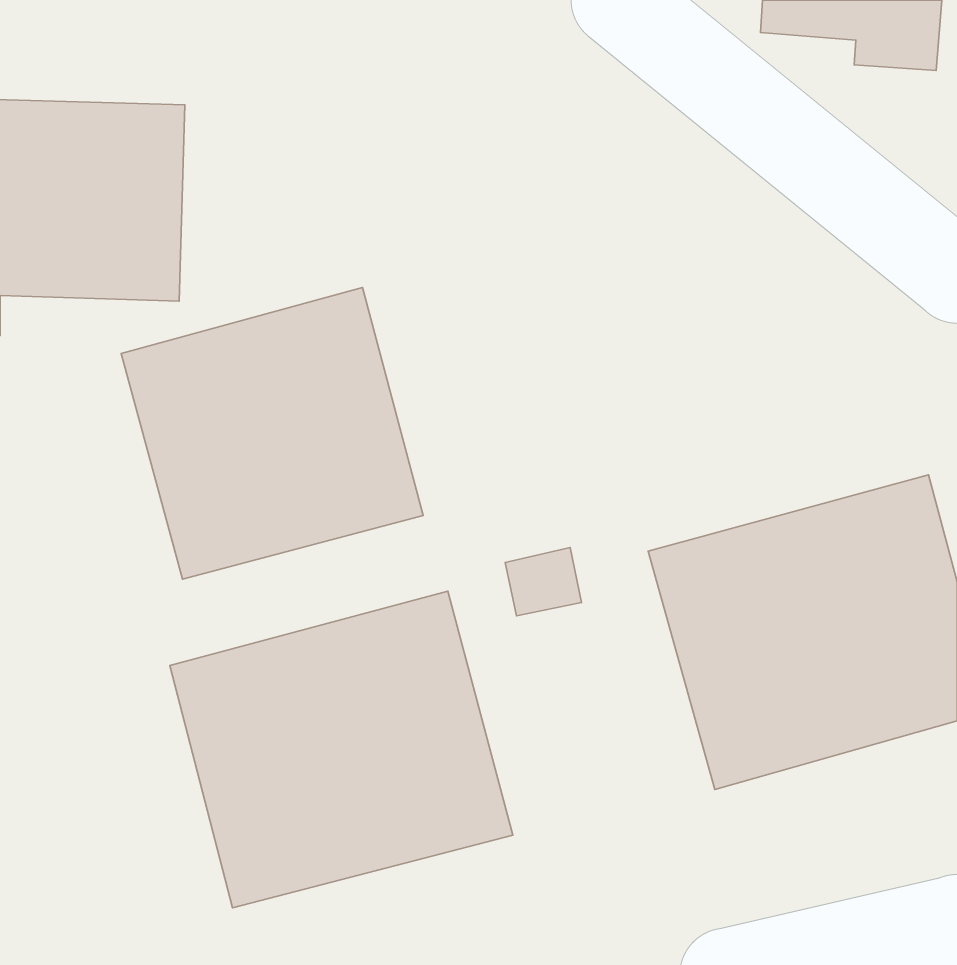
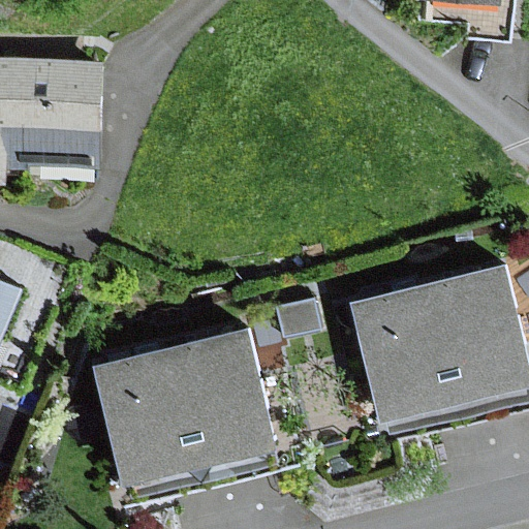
building: [121,287,423,579] -> none

